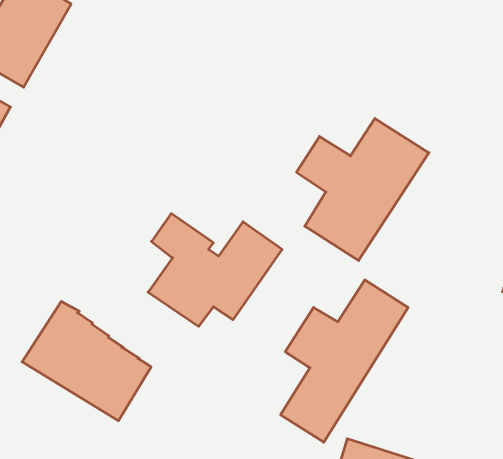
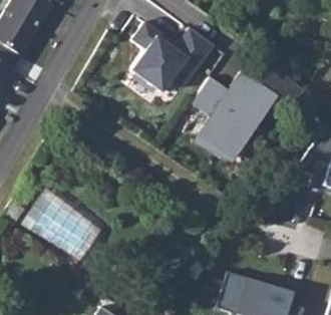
building: [148,214,282,326] -> [129,25,212,94]
building: [281,280,408,442] -> none

